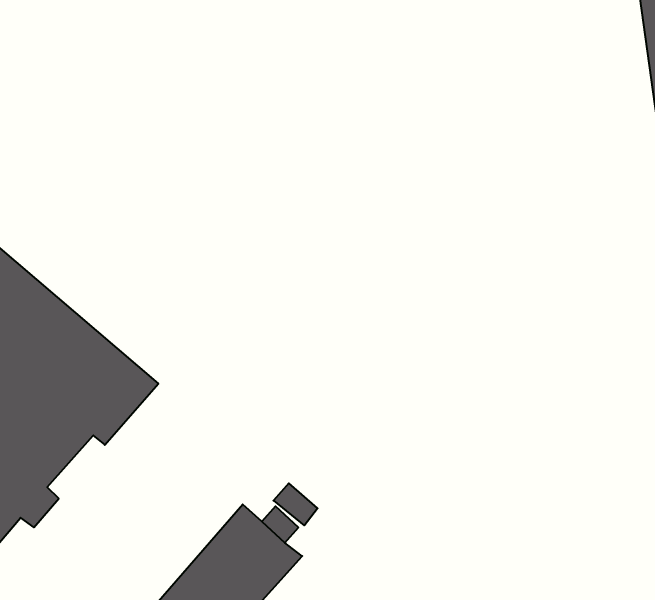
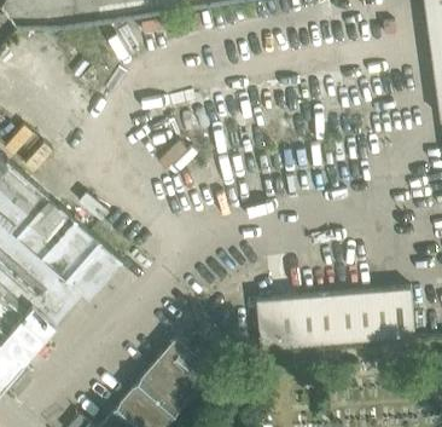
building: none -> [255,289,414,350]

